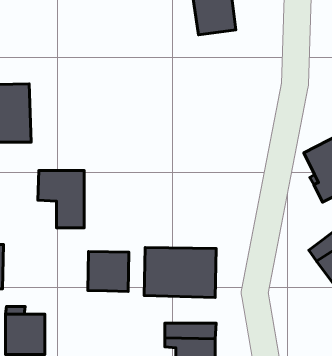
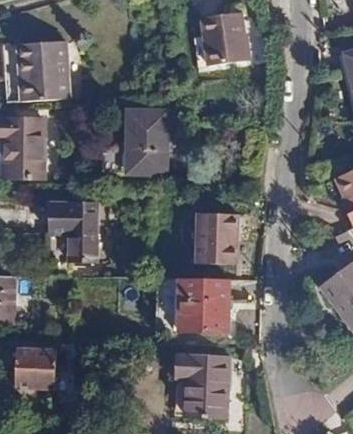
building: none -> [15,39,65,99]
building: none -> [118,107,164,167]
building: none -> [196,215,237,267]
building: [88,251,129,291] -> none

